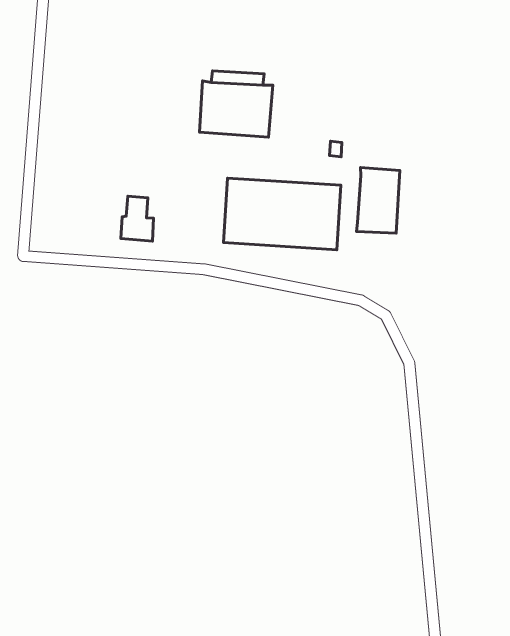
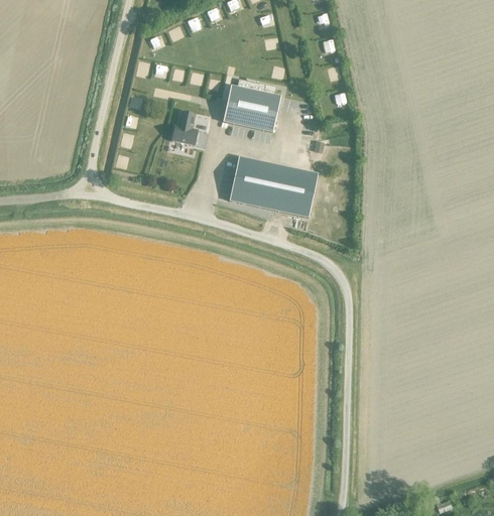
building: [357,168,400,233] -> none
building: [121,196,154,241] -> [171,111,197,145]

